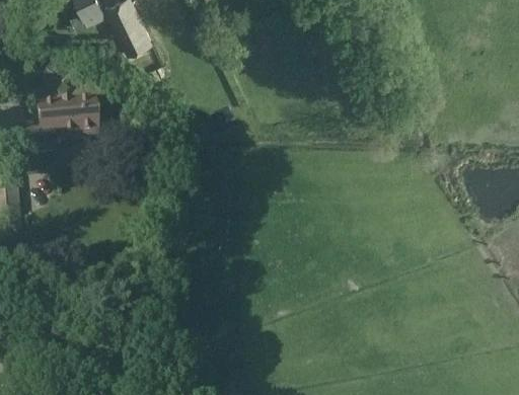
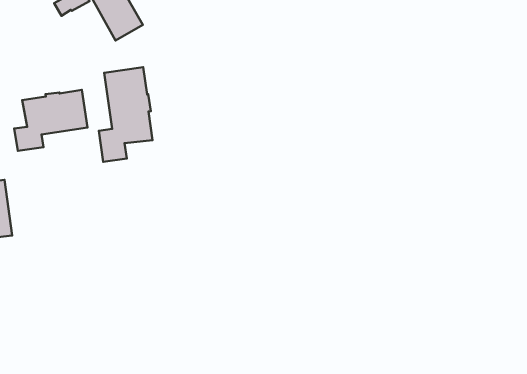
building: none -> [99,67,153,162]

